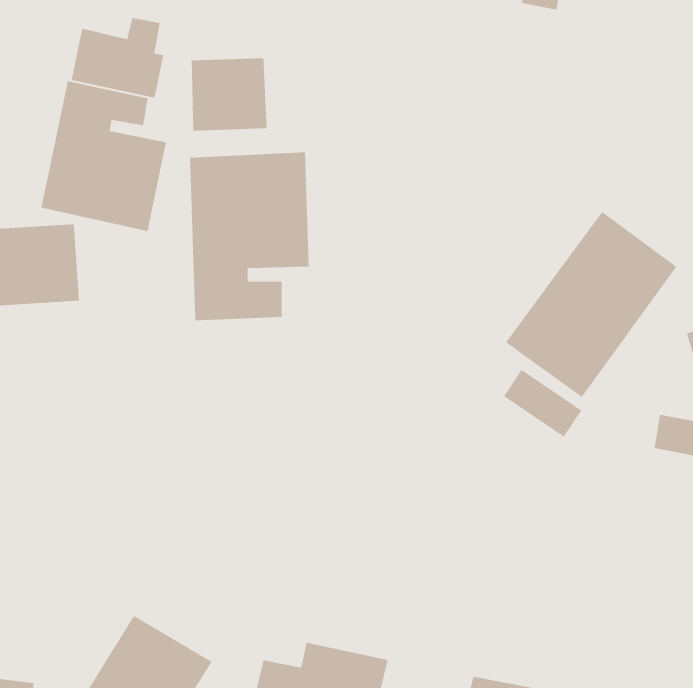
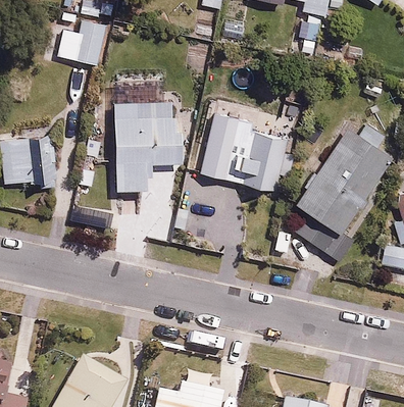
building: [191,57,267,131] -> none
building: [41,81,166,232] -> none
building: none -> [198,114,297,190]

